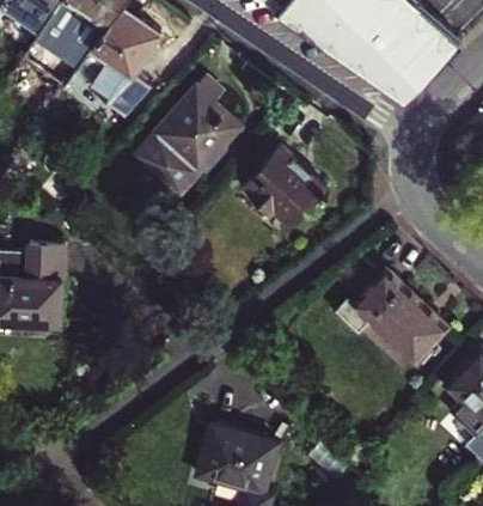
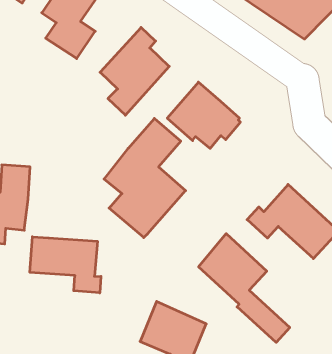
building: none -> [104,118,186,238]
building: none -> [199,234,290,342]
building: none -> [30,237,101,293]

